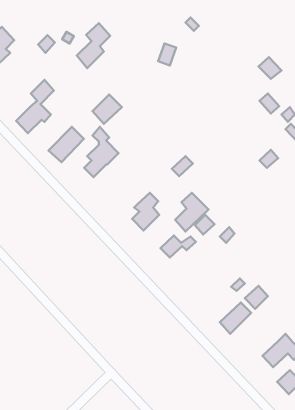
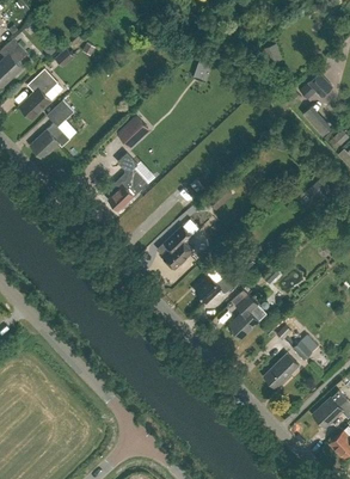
building: [77,23,110,68] -> [19,69,57,121]
building: [48,127,84,162] -> none
building: [175,193,209,231] -> [228,295,266,339]

